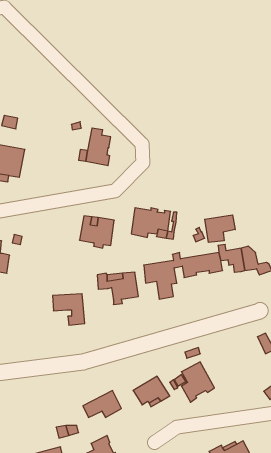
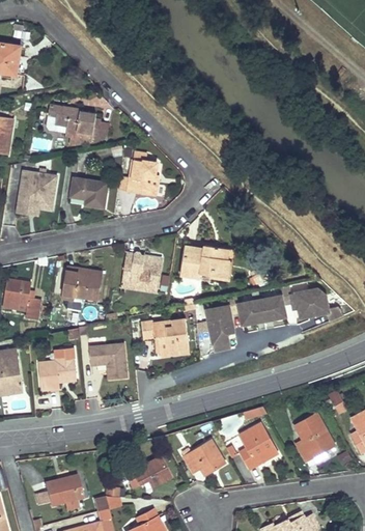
building: none -> [48,105,108,139]
building: none -> [69,180,107,209]
building: [205,215,235,242] -> none
building: none -> [62,270,102,300]
building: none -> [37,348,75,390]
building: none -> [293,414,334,462]
building: none -> [45,474,83,506]

